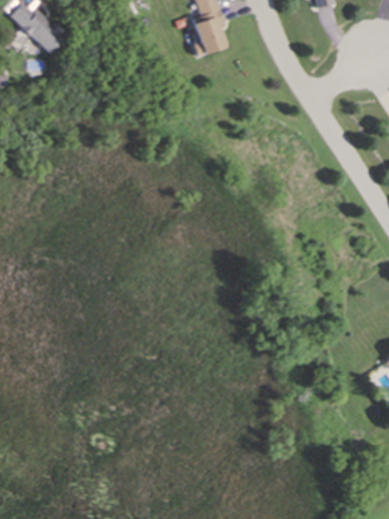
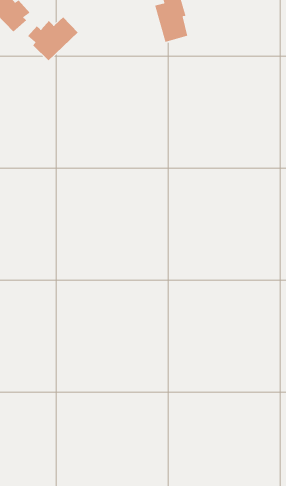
building: none -> [27,16,78,61]

